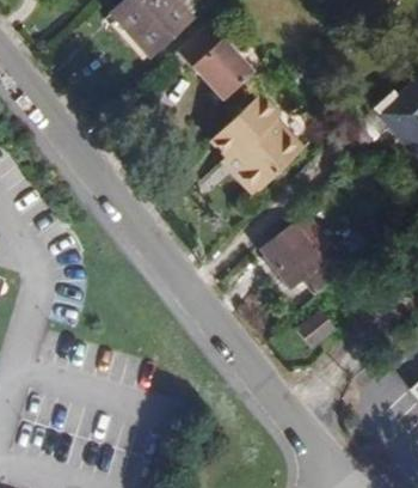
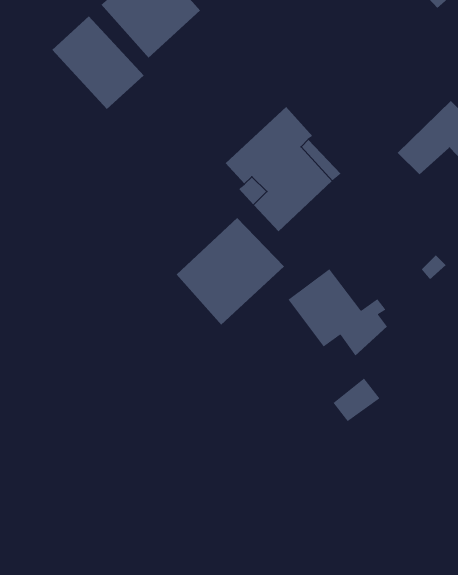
building: [179,23,253,98] -> [52,15,144,110]
building: none -> [176,217,285,325]

